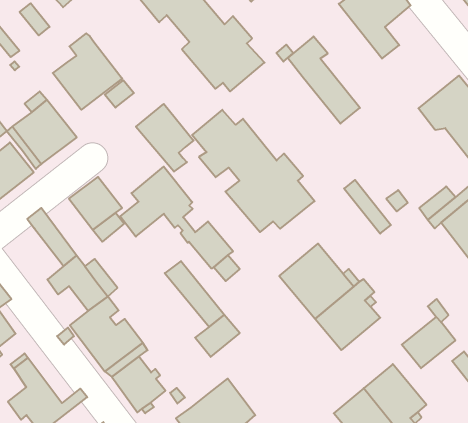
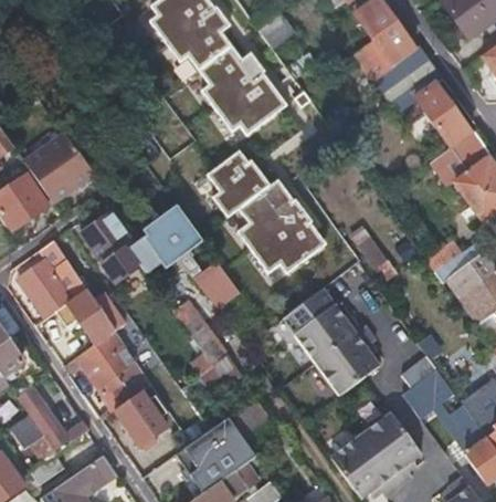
building: [53,33,122,110] -> none
building: [288,36,360,124] -> [402,59,471,146]
building: [136,104,194,172] -> none
building: none -> [20,259,71,313]

